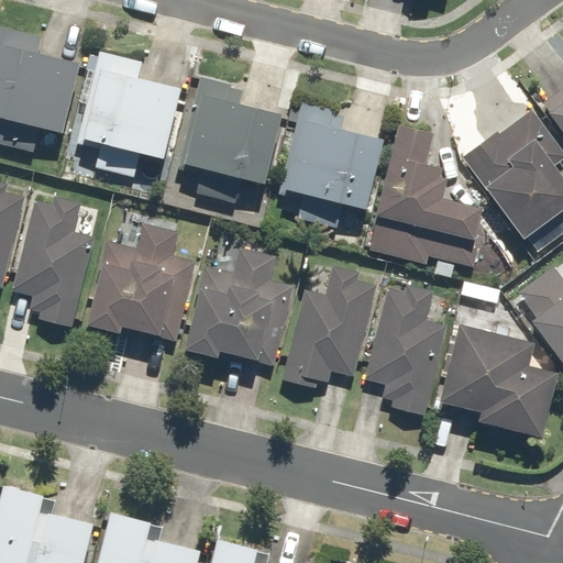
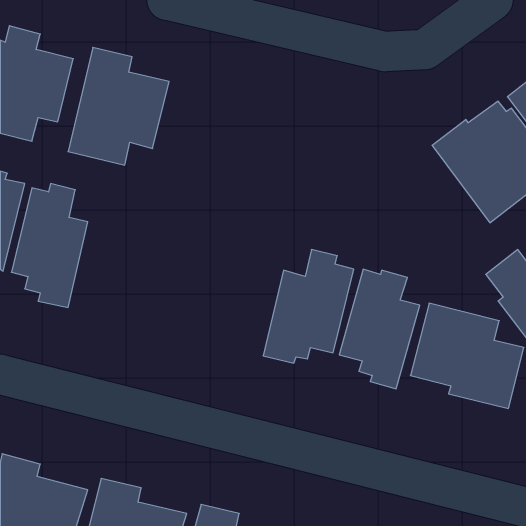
building: [181,81,282,201] -> none
building: [278,103,383,228] -> none
building: [368,126,483,268] -> none
building: [86,225,196,336] -> none
building: [185,246,294,360] -> none

